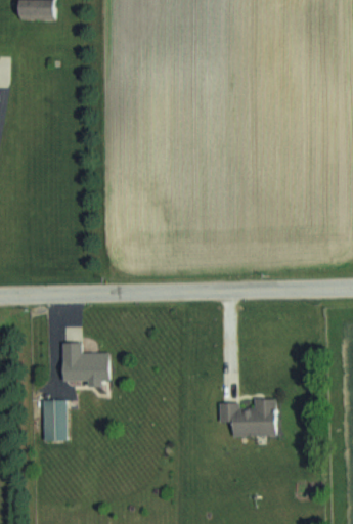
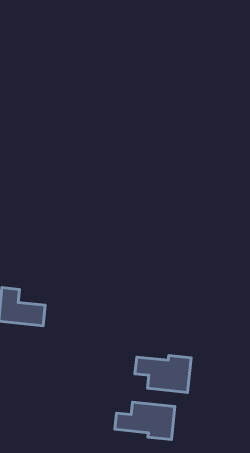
building: none -> [115,402,175,440]

